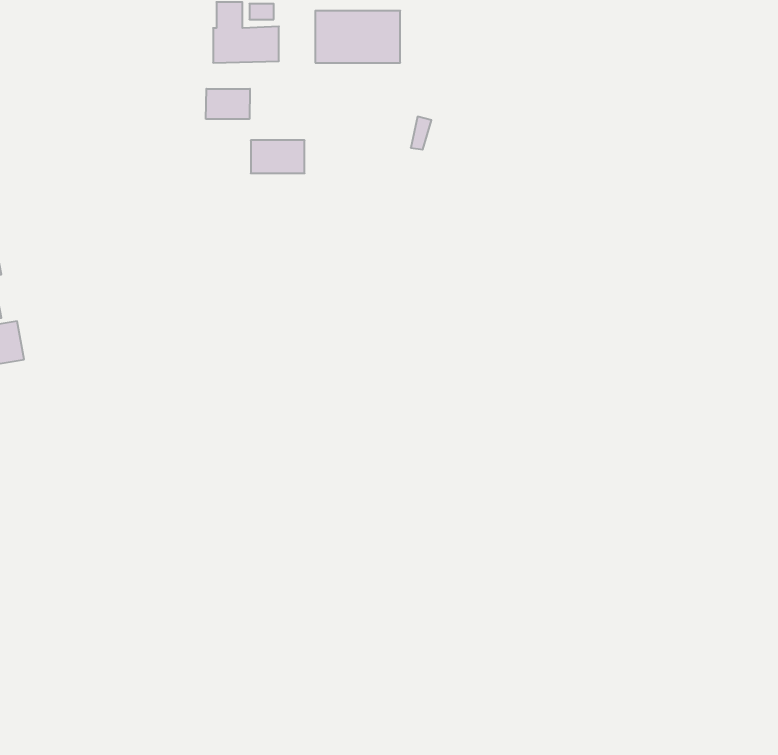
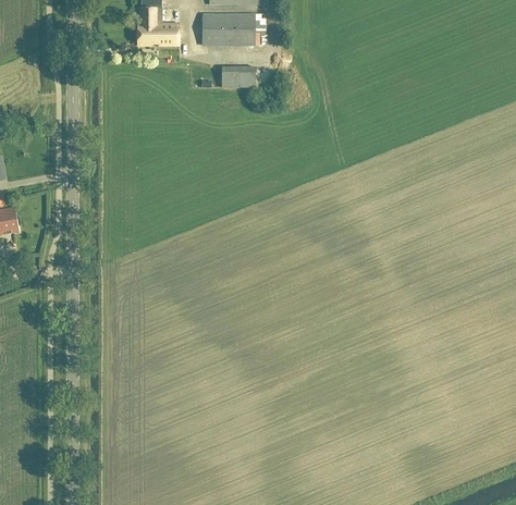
building: [206,89,250,119] -> none
building: [251,140,305,173] -> [222,65,256,86]

